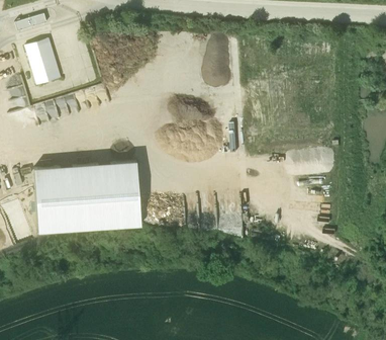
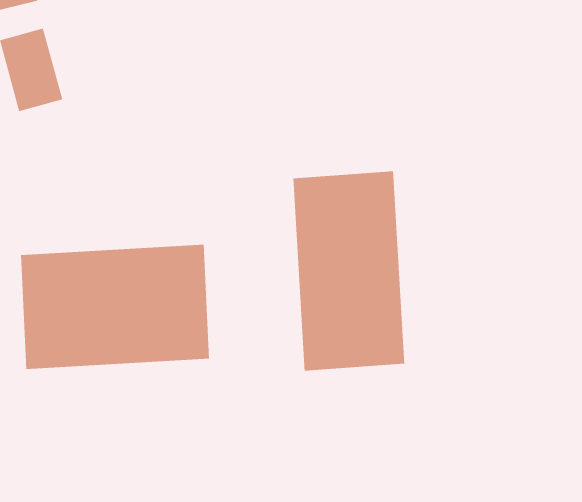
building: none -> [293,171,405,371]

